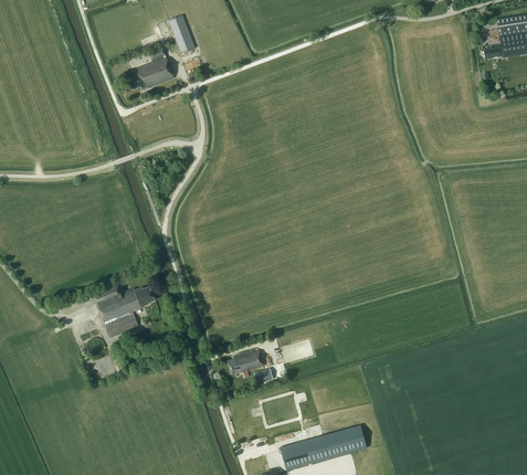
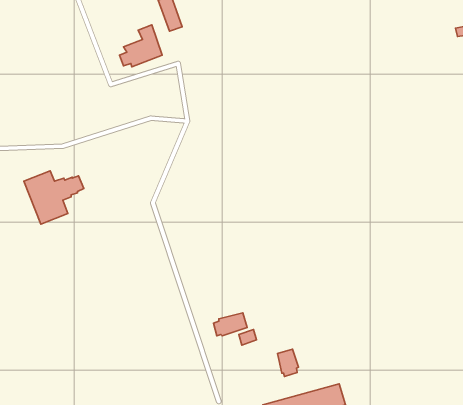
building: [93,282,156,338] -> [24,171,84,224]
building: none -> [278,349,298,376]

